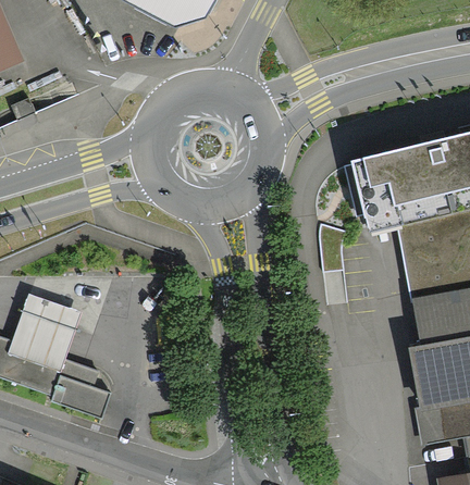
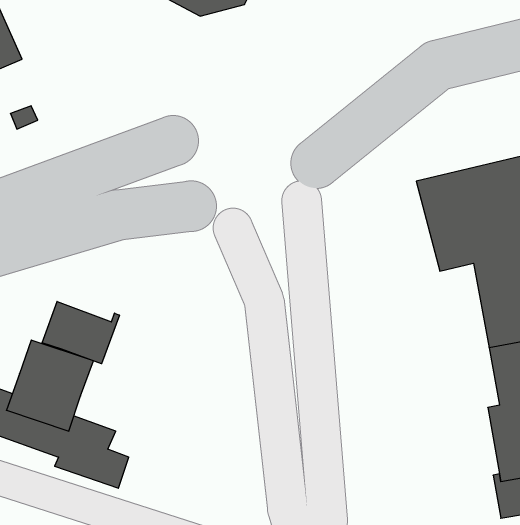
building: none -> [42,301,119,364]

